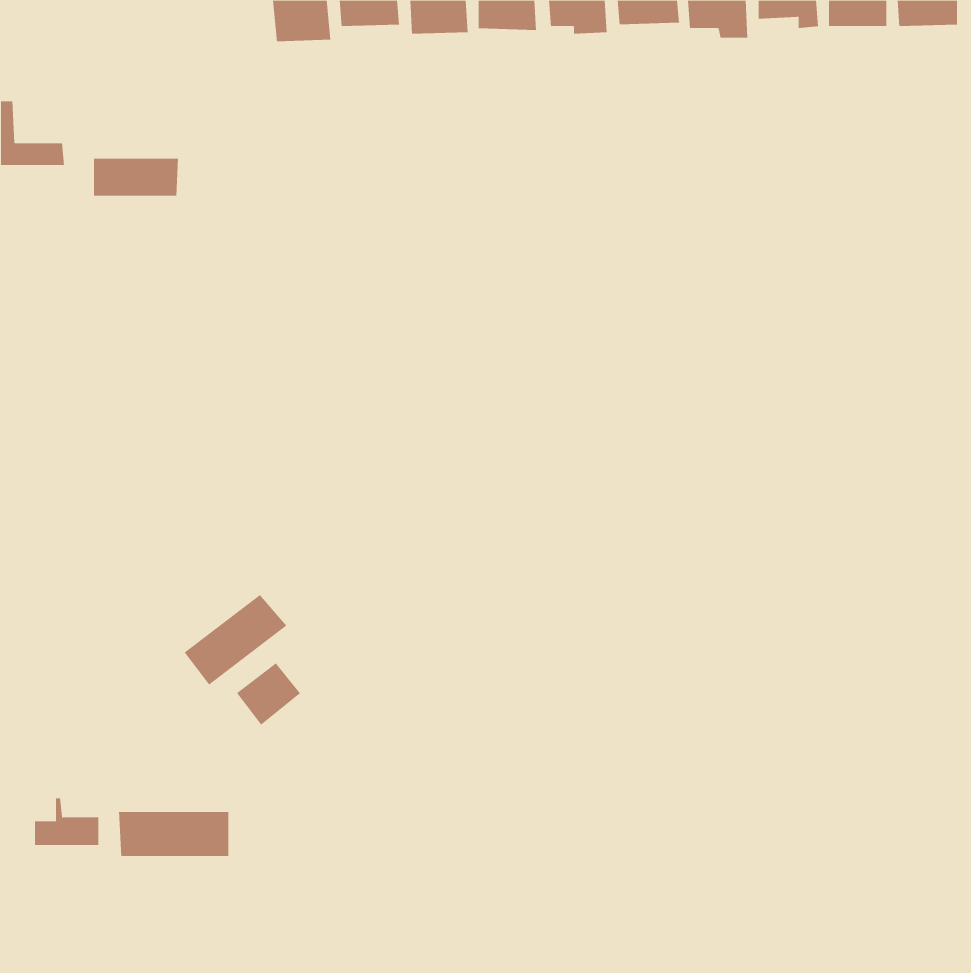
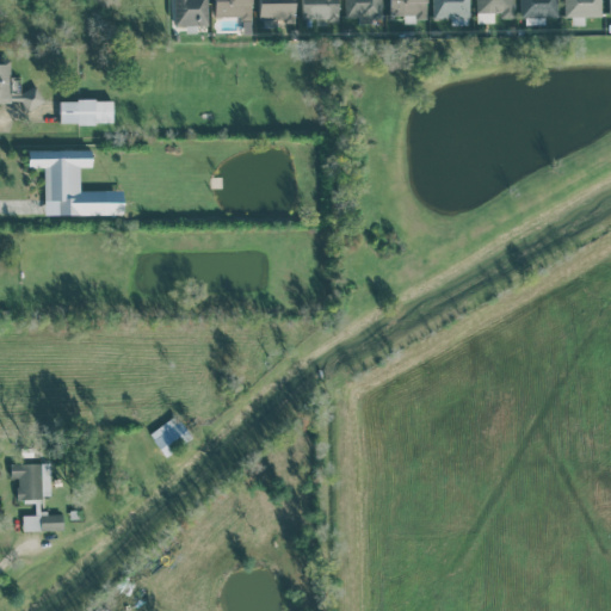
building: none -> [27,149,123,215]
building: [184,594,287,685] -> none
building: none -> [11,462,51,498]
building: [119,811,229,857] -> none

